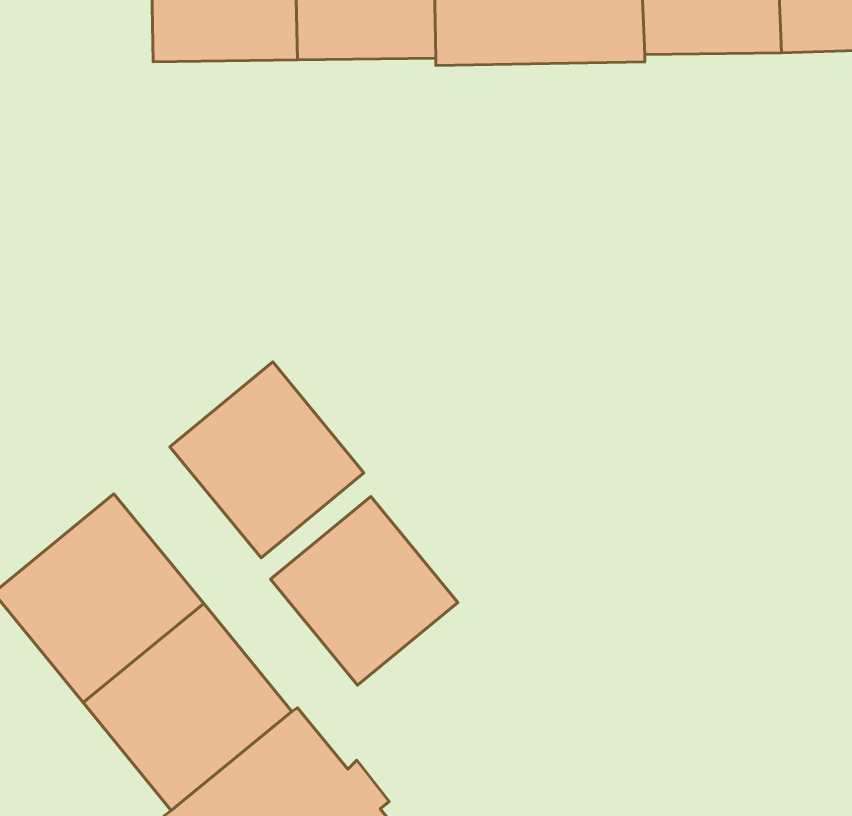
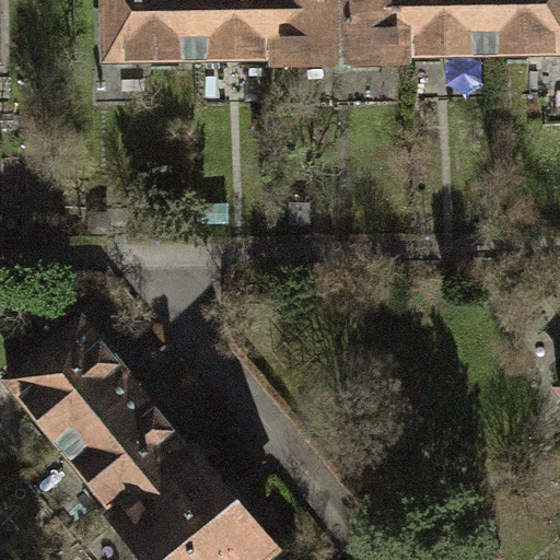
building: [170,362,364,558] -> none
building: [270,497,458,685] -> none

